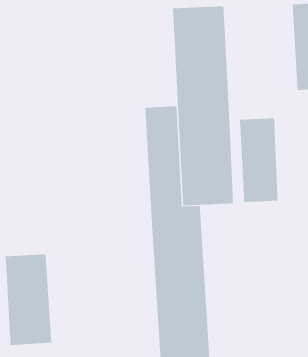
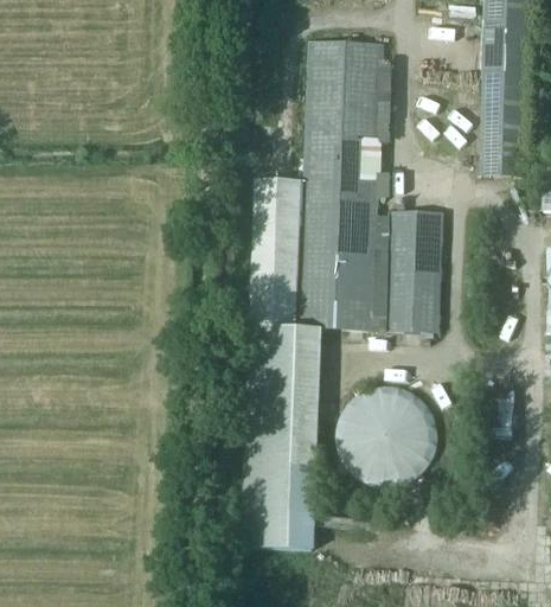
building: none -> [337,386,437,487]
building: [5,253,52,346] -> none

